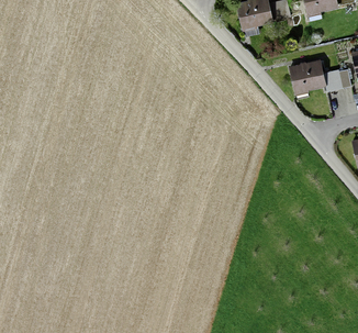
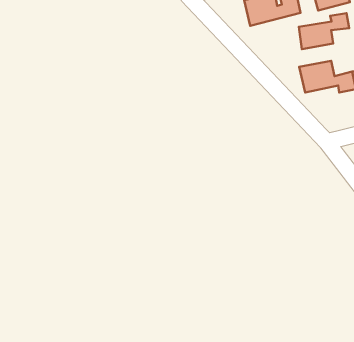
building: none -> [299,13,349,49]

